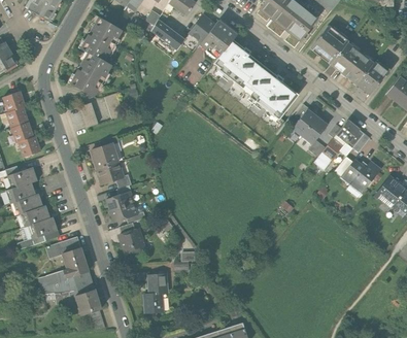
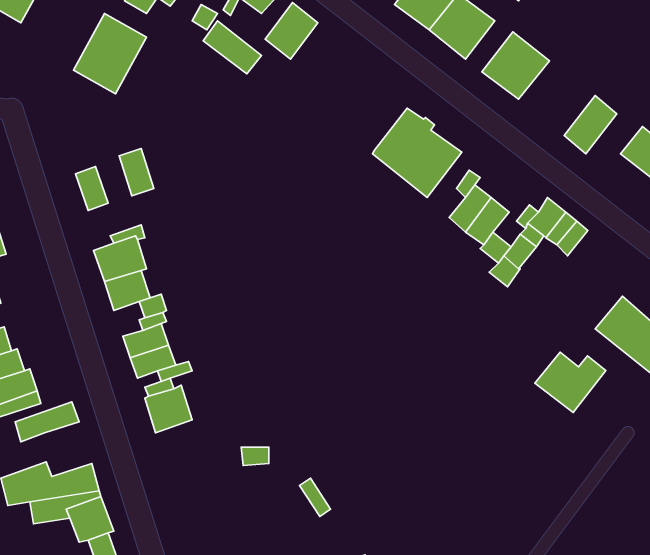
building: [202,16,239,55] -> none
building: [219,41,268,93] -> none
building: [331,42,374,84] -> none
building: [69,52,110,97] -> none
building: [340,159,380,193] -> [535,352,606,412]
building: [63,246,90,277] -> none
building: [144,272,168,312] -> none

